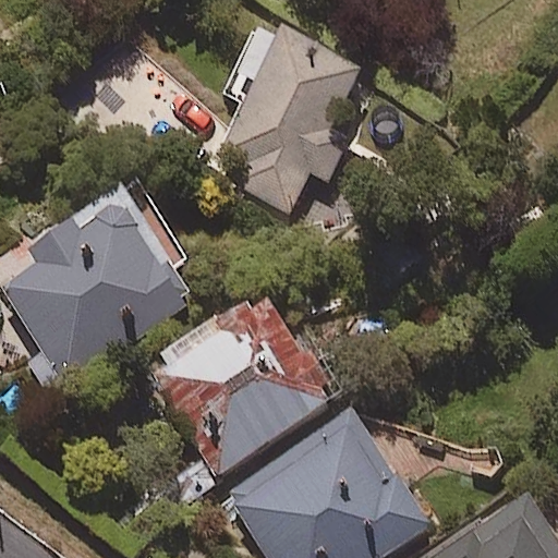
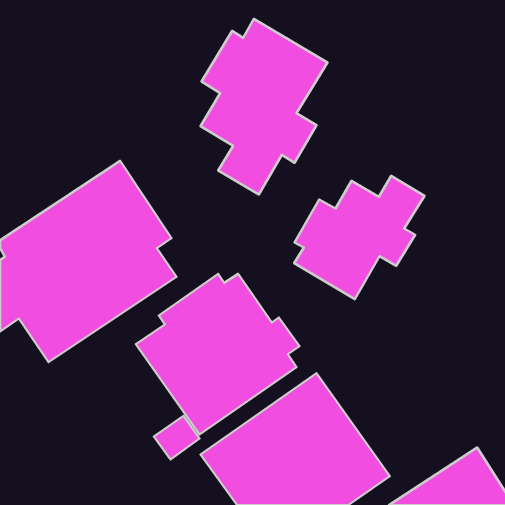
building: none -> [294,176,424,299]

